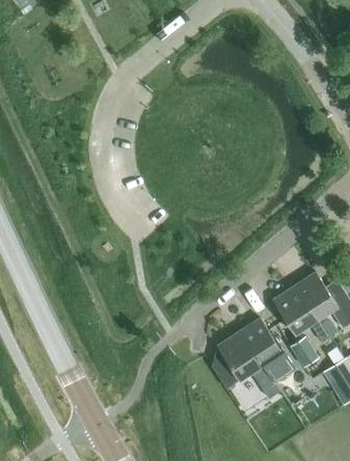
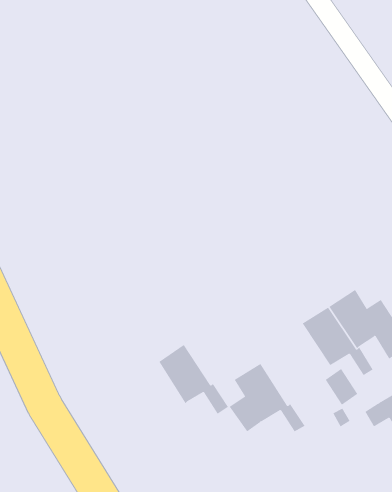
building: [239,318,296,375] -> [158,344,229,414]

